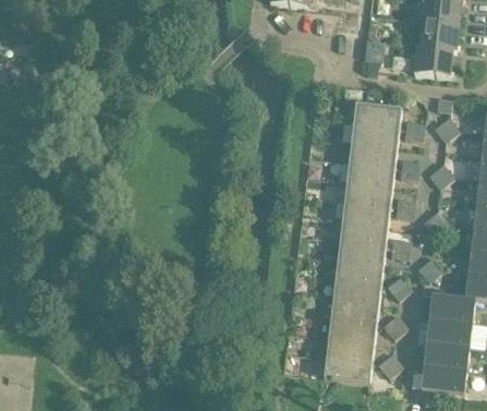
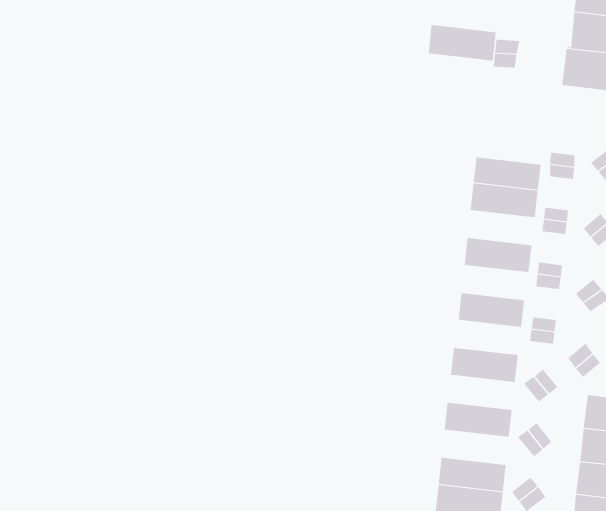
building: [352,102,401,129] -> [428,24,496,61]
building: [345,161,394,186] -> none
building: [341,201,390,226] -> none
building: [336,240,385,265] -> none
building: [331,279,380,304] -> none
building: [327,318,376,343] -> none

